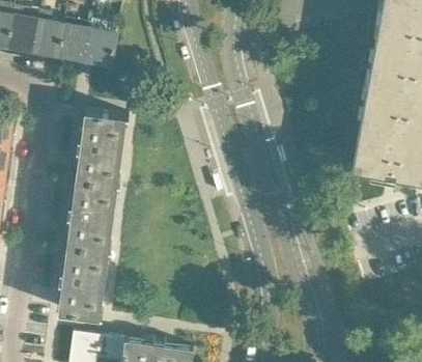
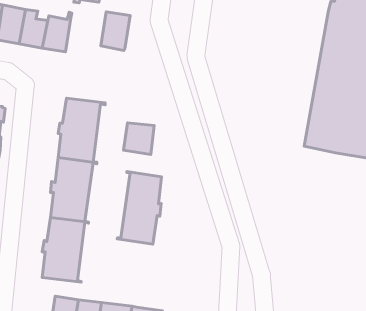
building: [84,21,117,64] -> [101,12,130,51]
building: none -> [123,123,154,155]
building: none -> [117,172,162,244]

